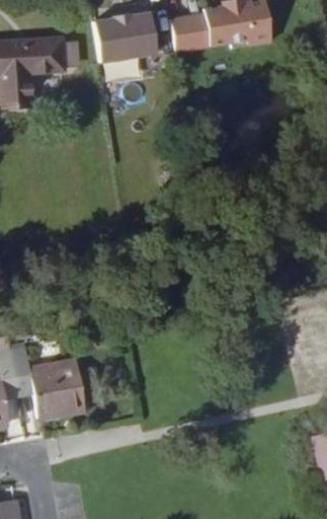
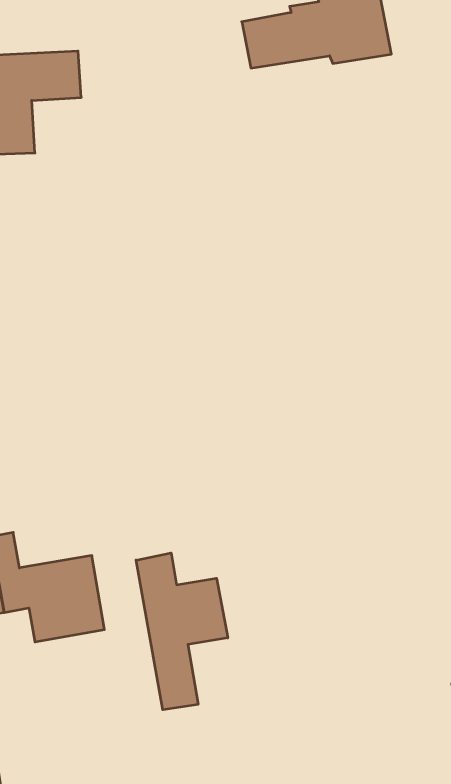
building: [91,8,158,61] -> none
building: none -> [136,553,228,710]

